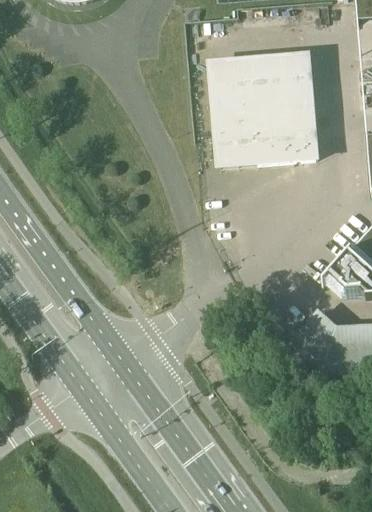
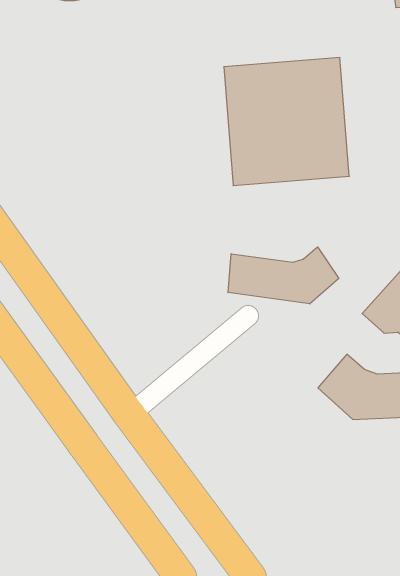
building: none -> [228,247,339,304]

